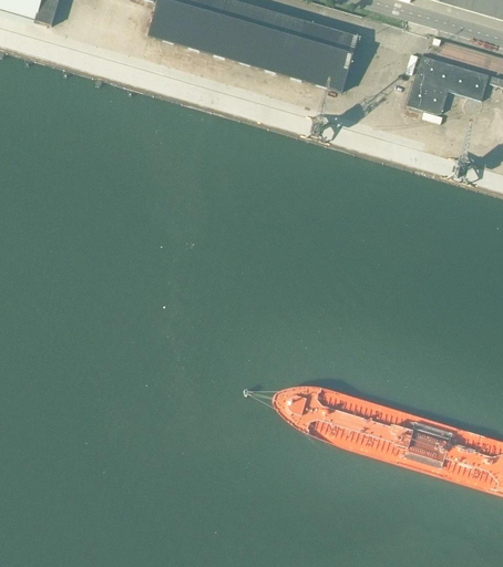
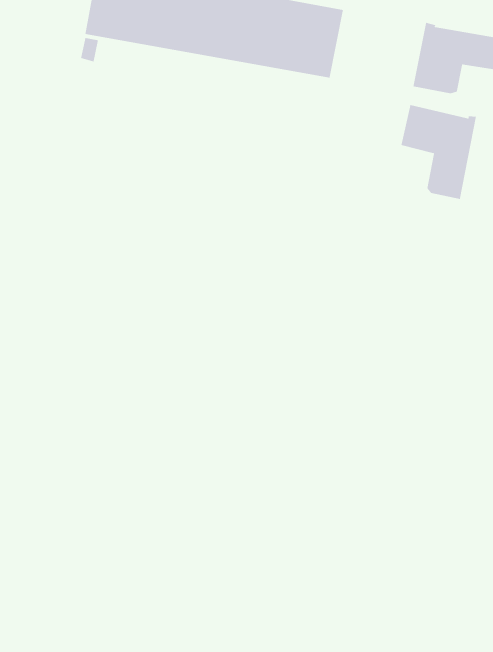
building: none -> [401,104,477,200]

